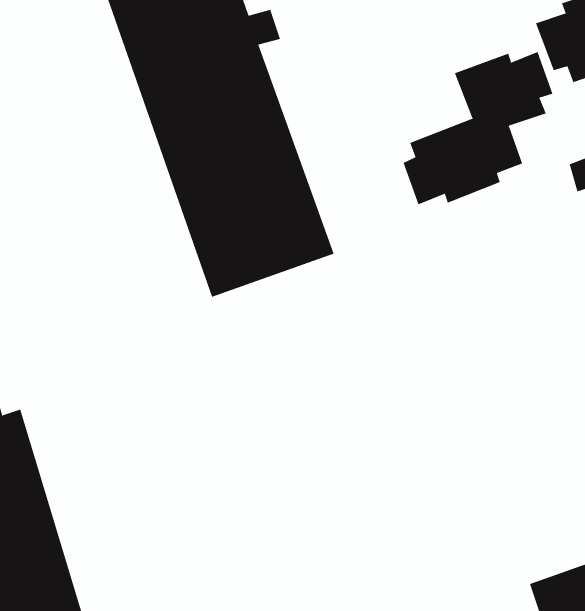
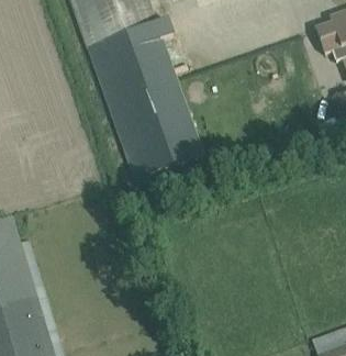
building: [403,51,553,205] -> none

